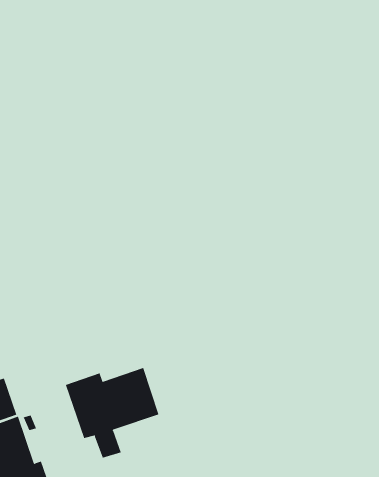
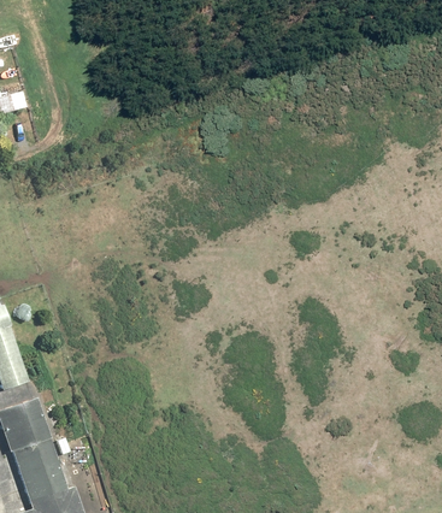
building: [65,367,159,459] -> none

